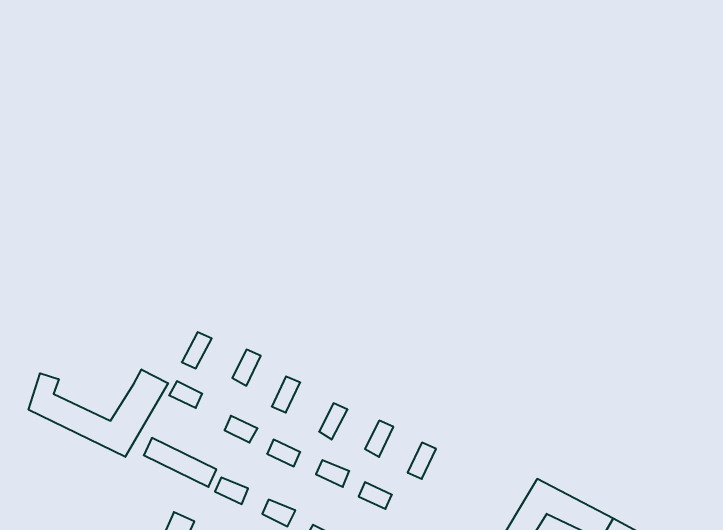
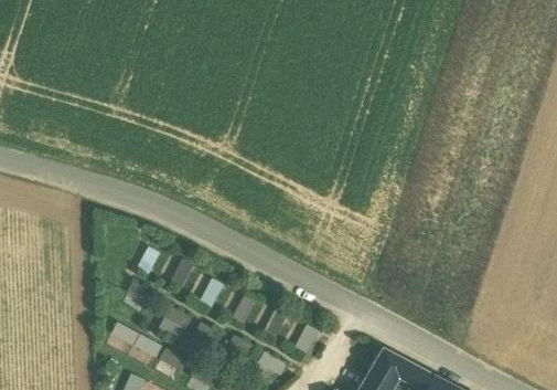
building: [29,369,168,457] -> none

